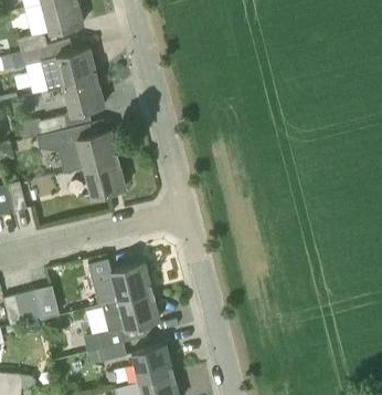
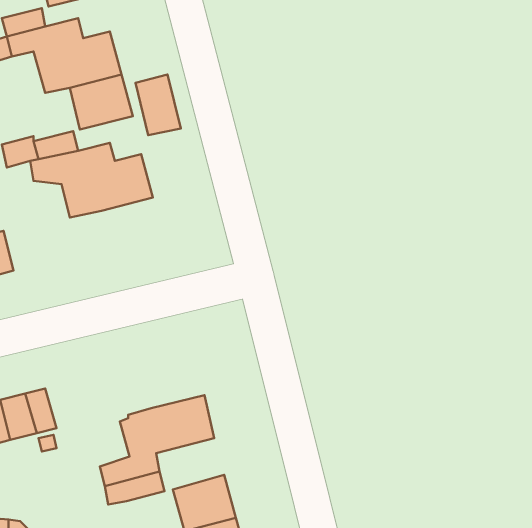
building: none -> [135,75,181,135]
building: [84,160,126,197] -> none
building: [88,262,152,306] -> none

